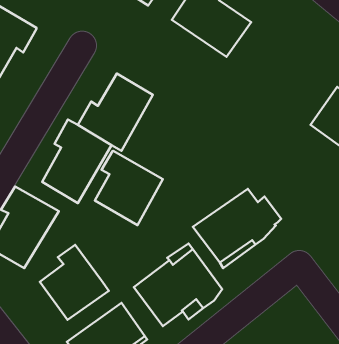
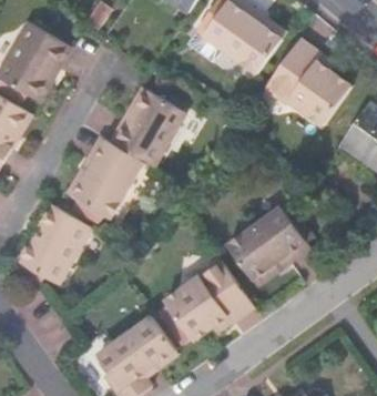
building: none -> [267,39,348,125]
building: [95,151,163,225] -> none
building: [40,245,109,320] -> none

